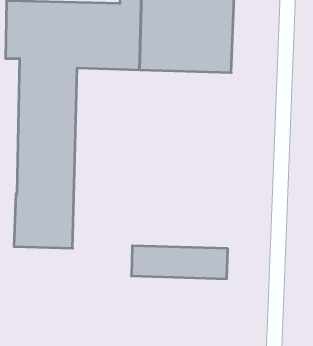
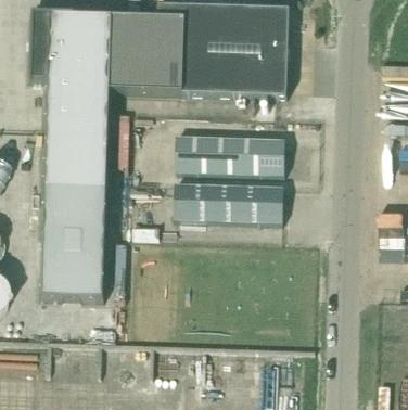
building: none -> [176,136,286,175]
building: [131,246,228,279] -> [175,182,285,220]

